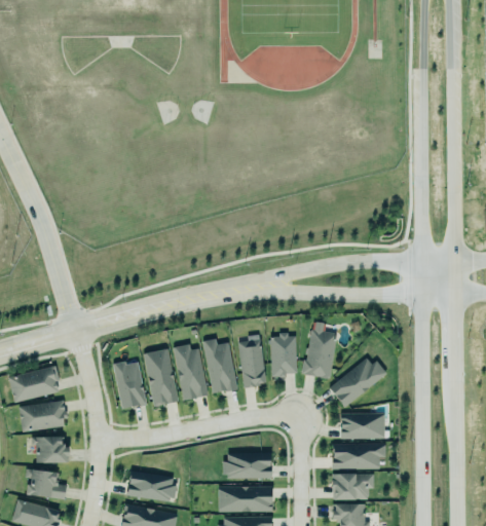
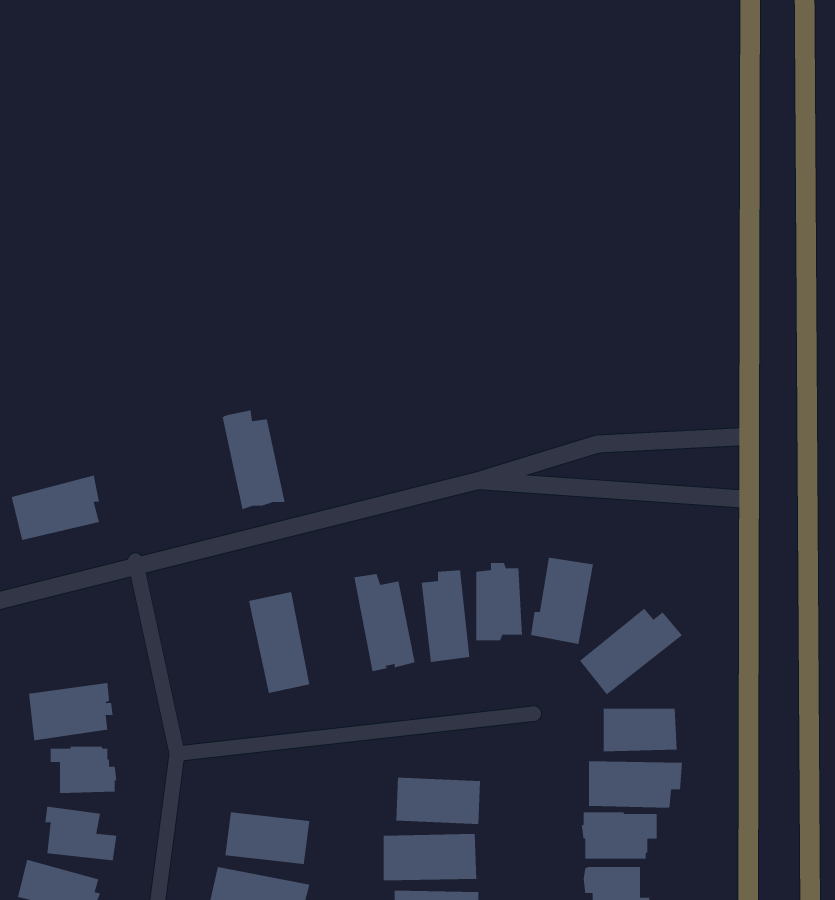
building: [173,343,209,400] -> [222,410,286,510]
building: [113,362,147,409] -> none
building: [8,365,59,402] -> [11,475,100,540]

